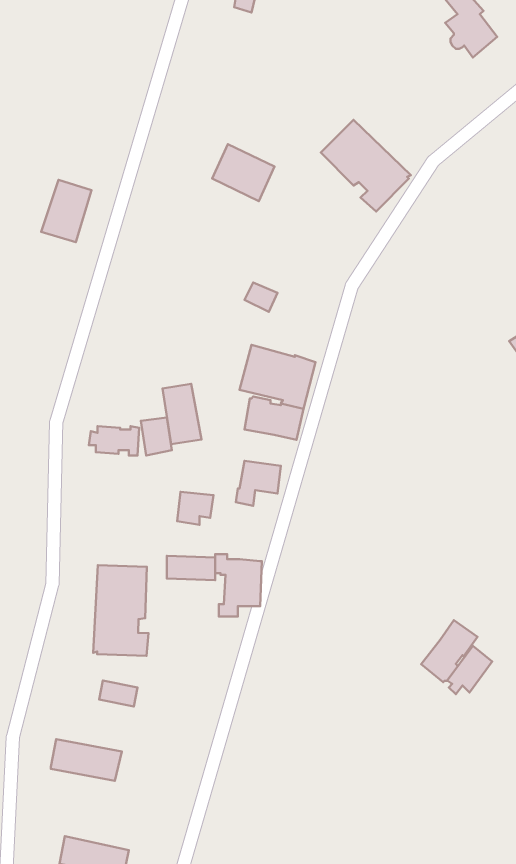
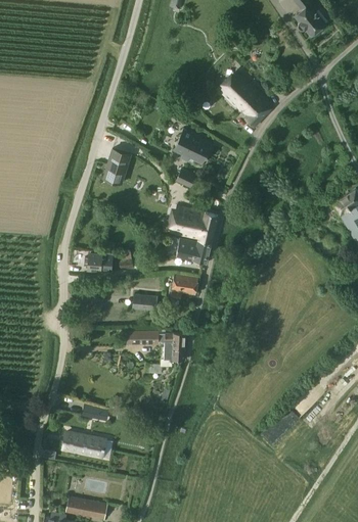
building: [212,144,275,201] -> [174,130,211,163]
building: [41,180,91,242] -> [102,147,132,184]
building: [163,384,201,444] -> none
building: [93,565,148,656] -> none
building: [421,620,477,682] -> none

